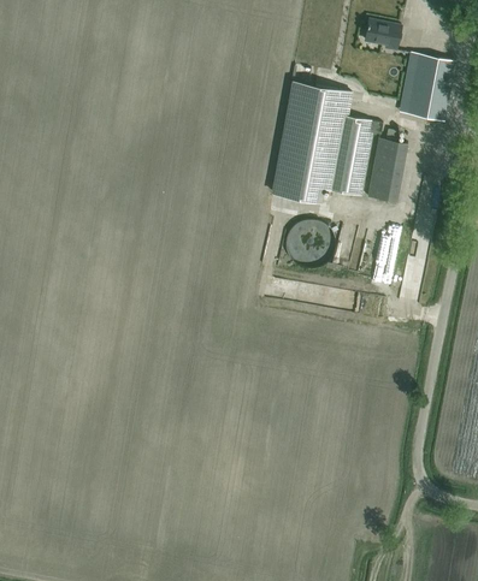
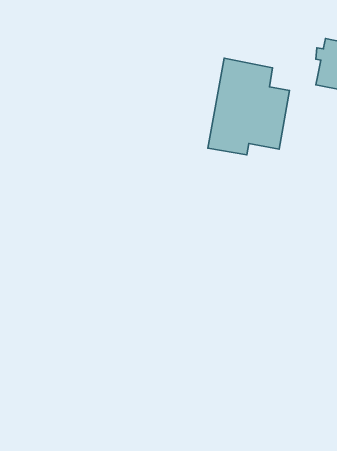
building: [365,19,401,51] -> none
building: [368,129,408,203] -> none

